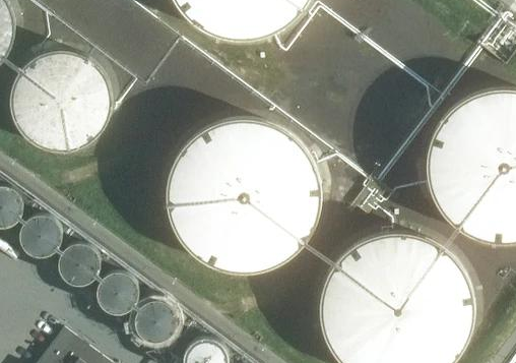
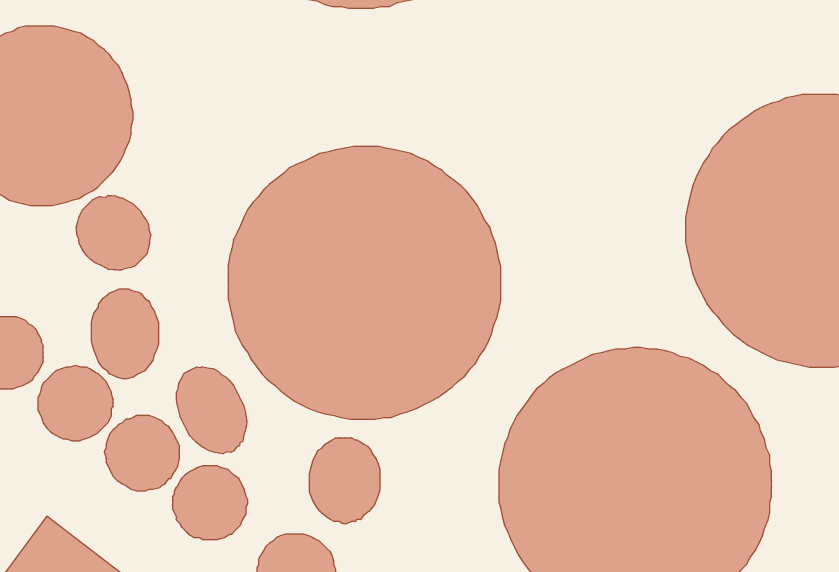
building: none -> [76,195,151,270]
building: none -> [91,289,158,379]
building: none -> [176,367,247,454]
building: none -> [309,438,380,524]

